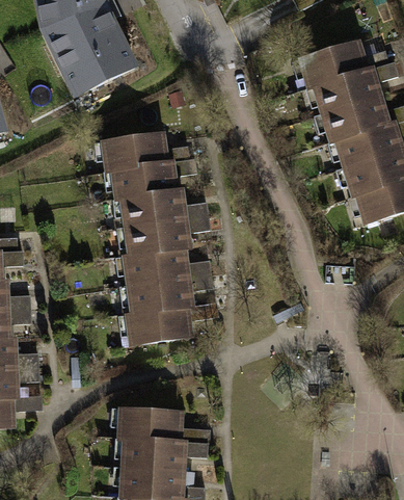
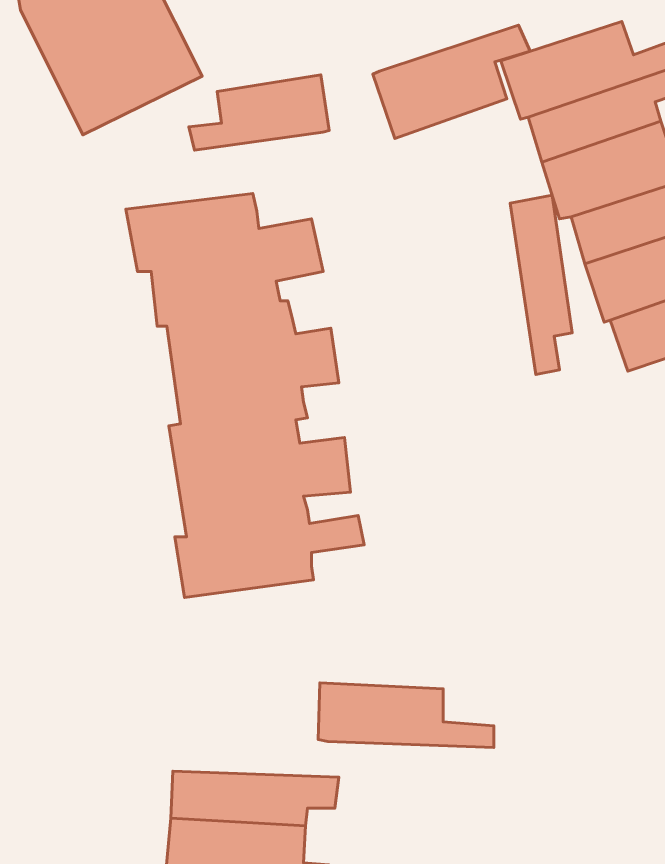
building: none -> [373,25,530,139]
building: none -> [189,75,329,150]
building: none -> [510,195,572,374]
building: [116,405,210,440] -> [318,683,494,747]

